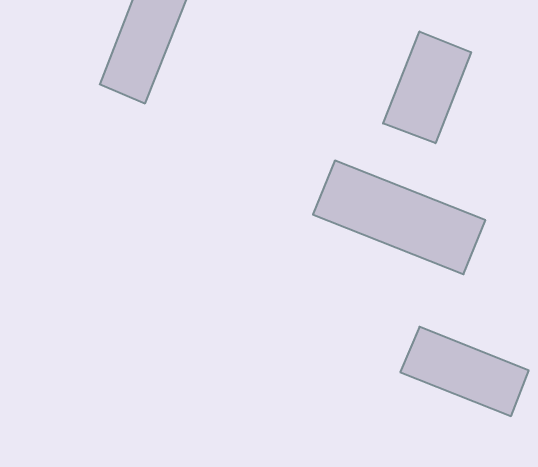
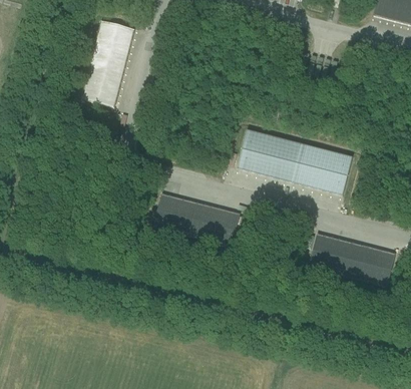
building: [383,31,471,143] -> none
building: none -> [153,193,240,247]

